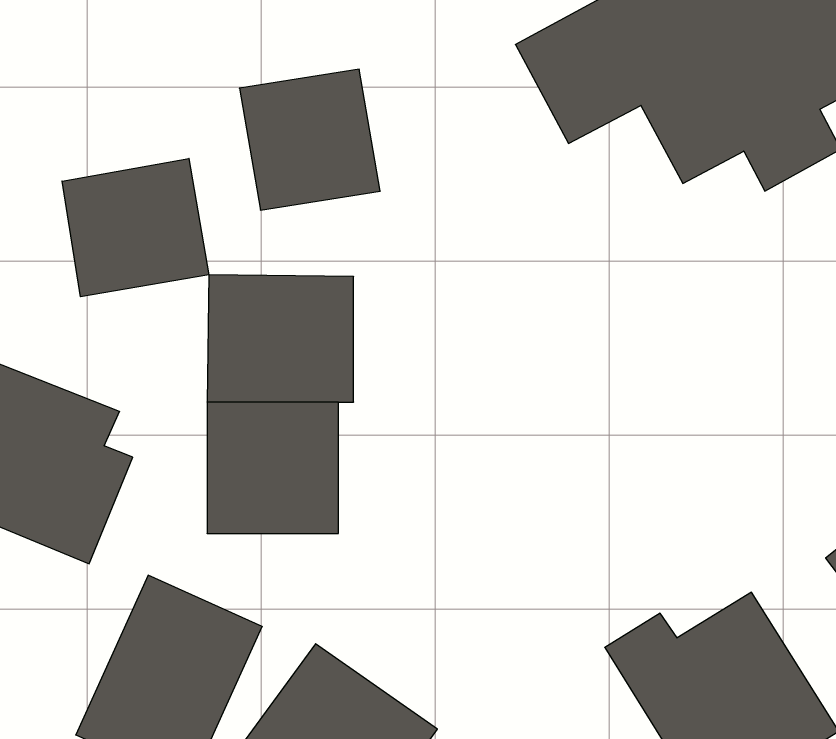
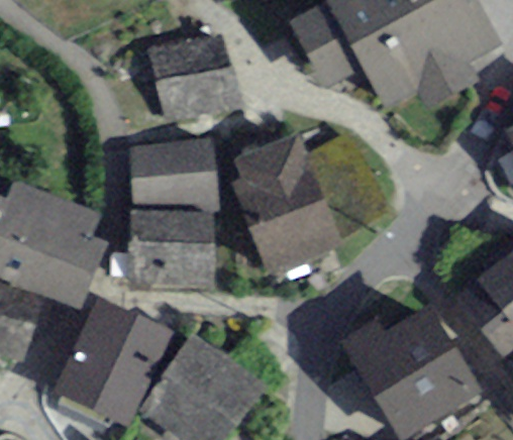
building: [62,158,209,297] -> none
building: none -> [239,143,333,267]

